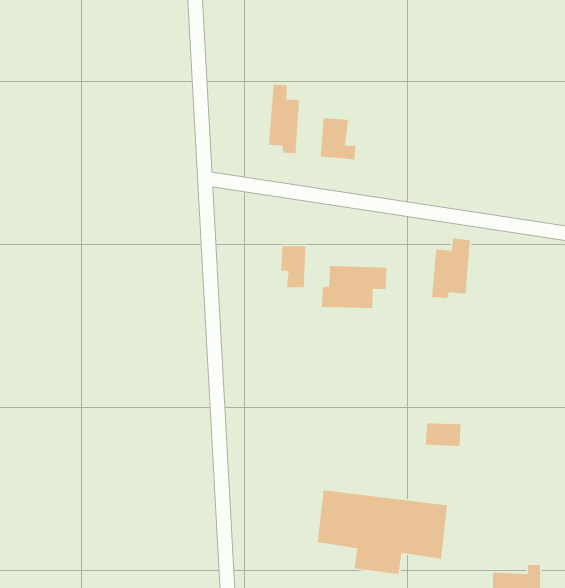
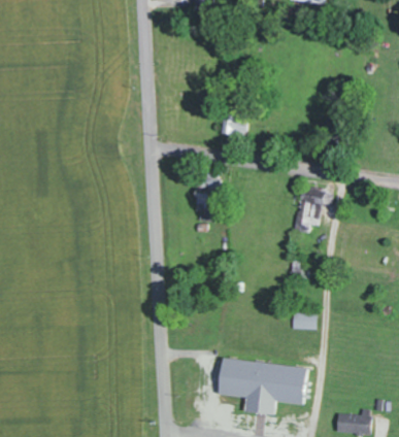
building: [268,84,300,154] -> none
building: [321,265,387,309] -> none

